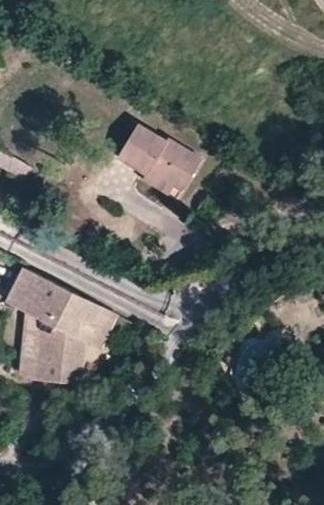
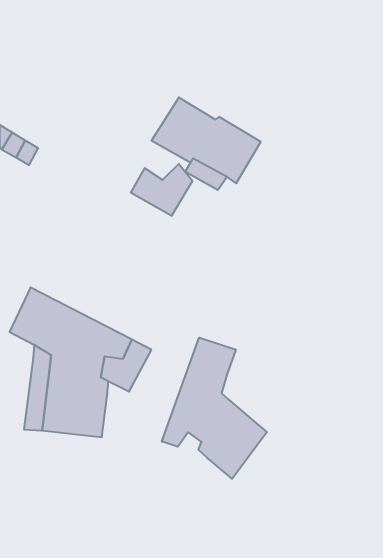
building: none -> [131,164,192,216]
building: none -> [162,338,267,479]

